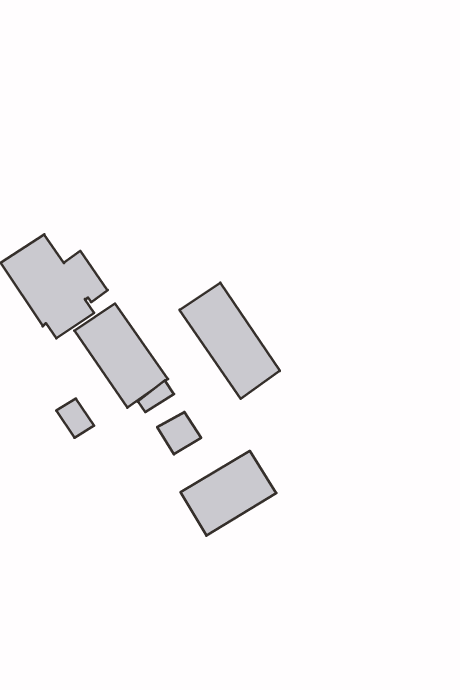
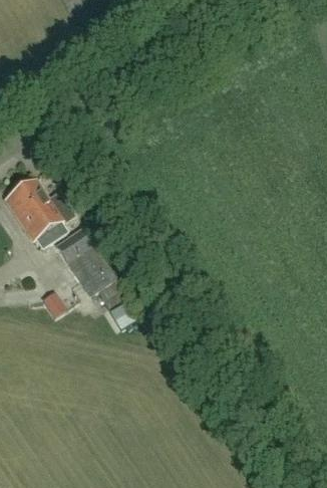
building: [180,283,280,399] -> none
building: [181,451,276,536] -> none

